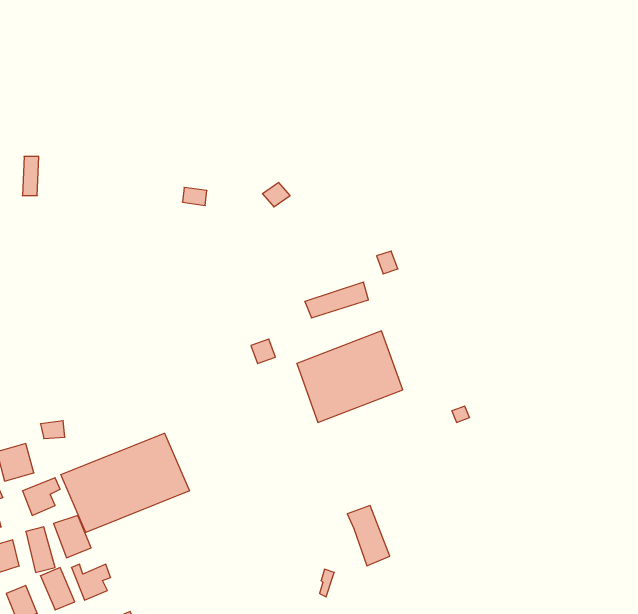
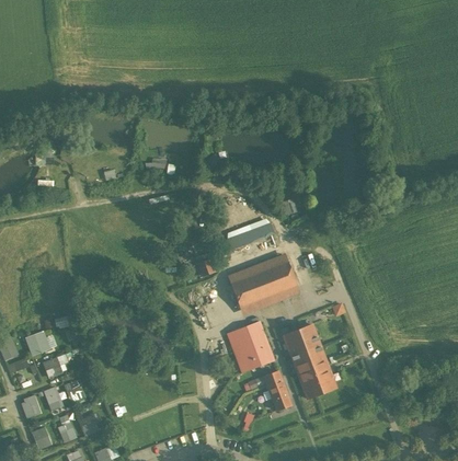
building: none -> [226,322,273,373]
building: [61,433,189,532] -> none
building: none -> [283,325,334,399]

